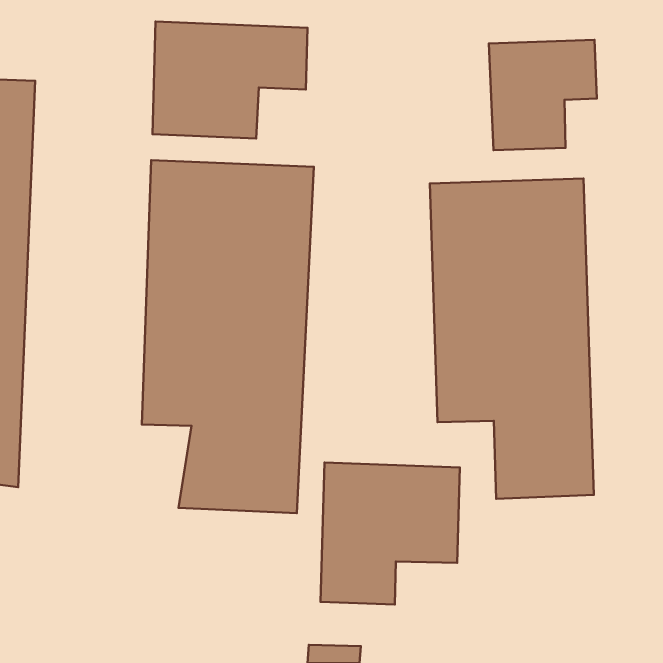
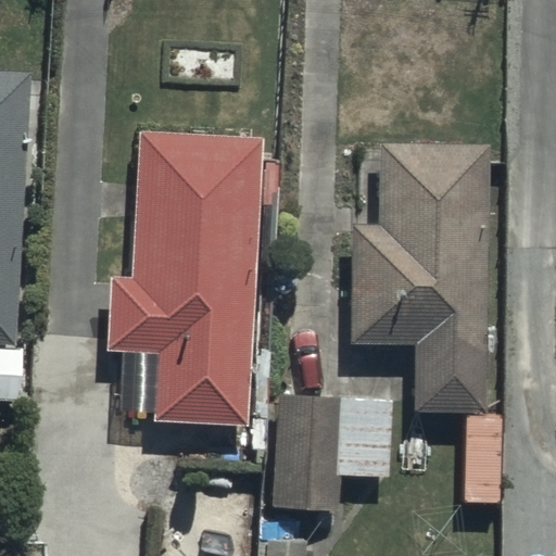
building: [152,22,308,139] -> none
building: [489,40,597,150] -> none

